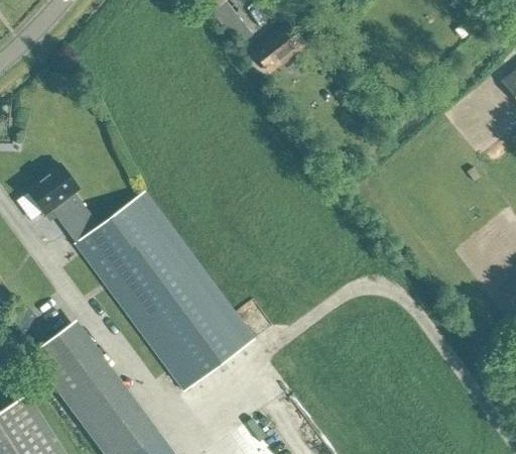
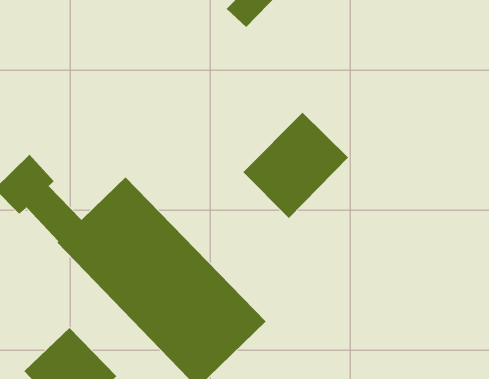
building: none -> [243,112,349,219]

